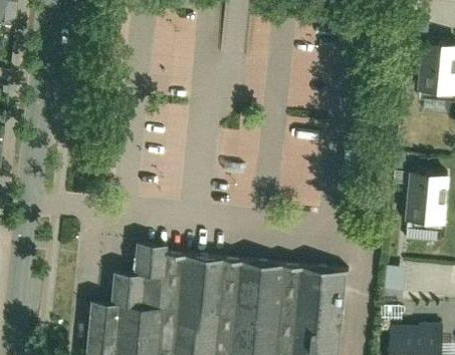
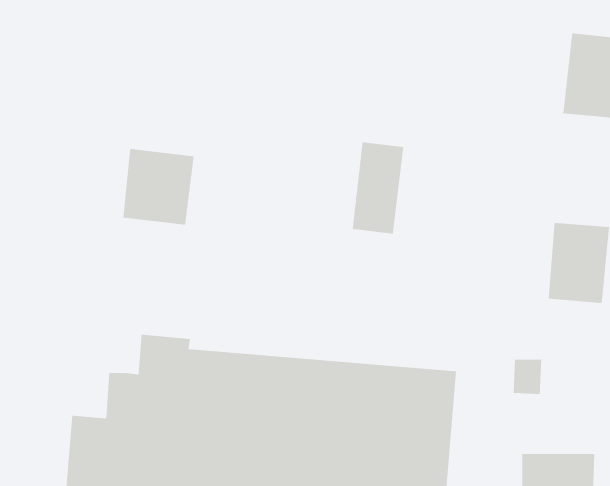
building: none -> [352,141,404,234]
building: none -> [123,148,194,226]

